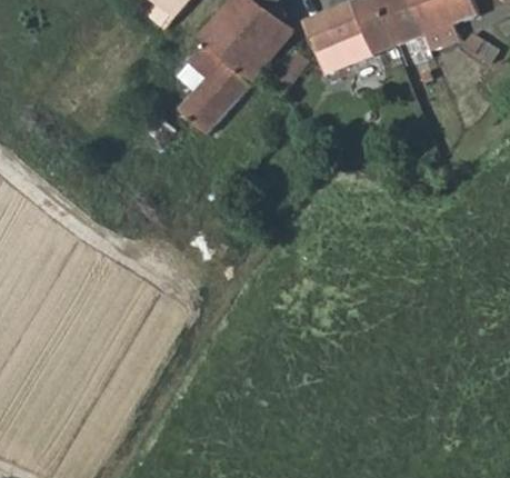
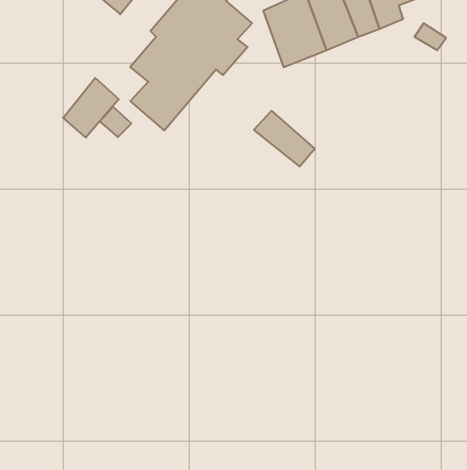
building: none -> [63,78,119,138]
building: none -> [254,111,315,167]

